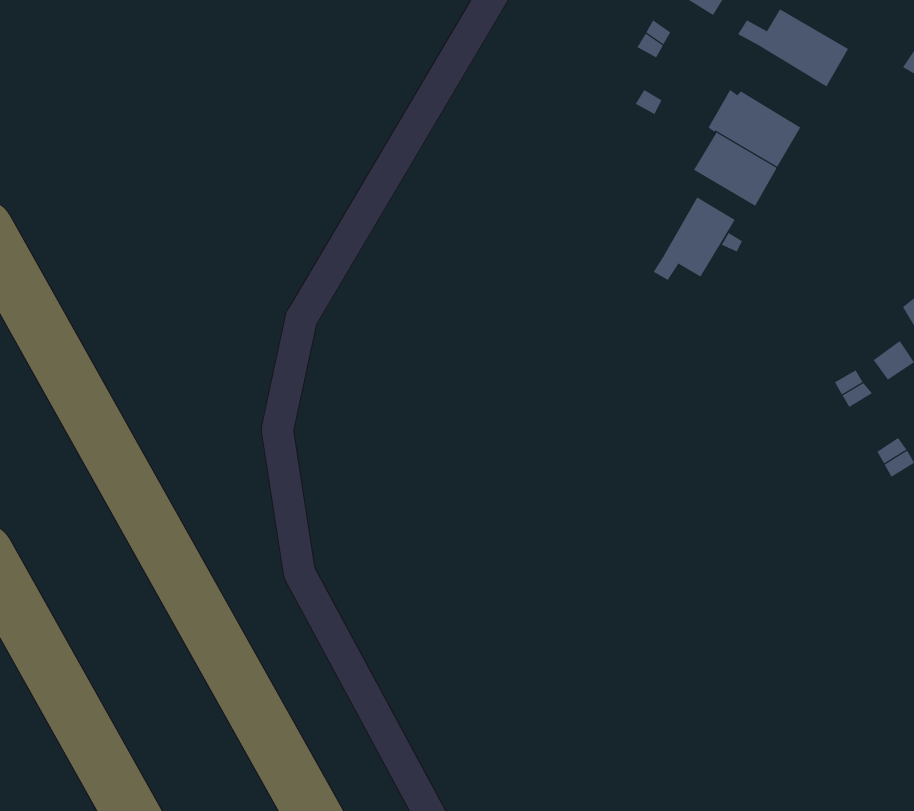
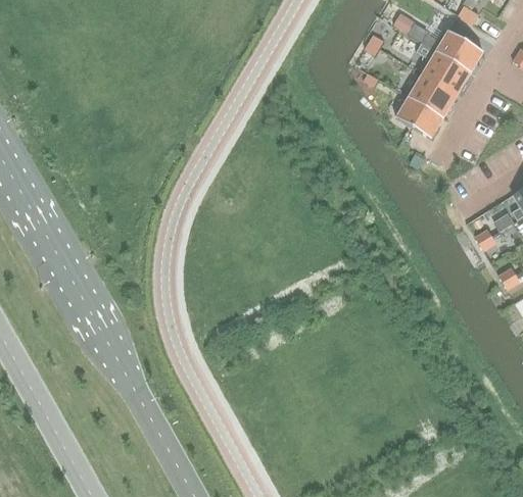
building: none -> [420,48,471,94]
building: [653,196,736,281] -> none

